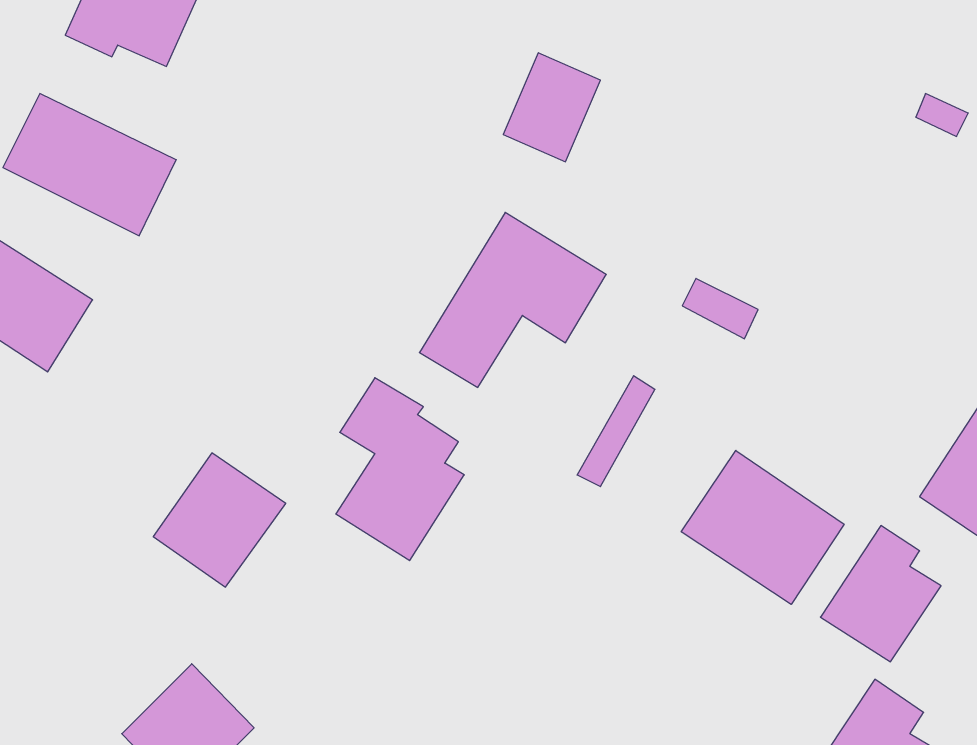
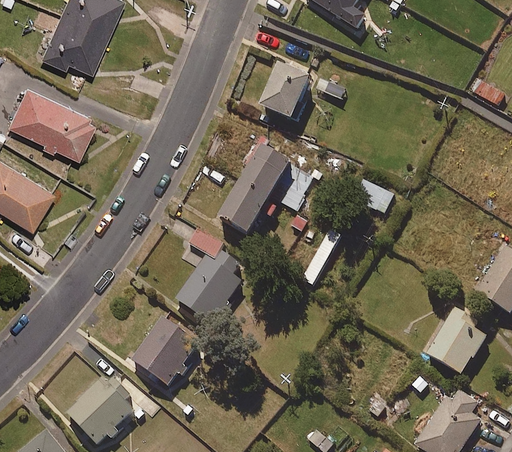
building: [681,450,844,604] -> none
building: [153,453,286,587] -> [131,318,199,387]

